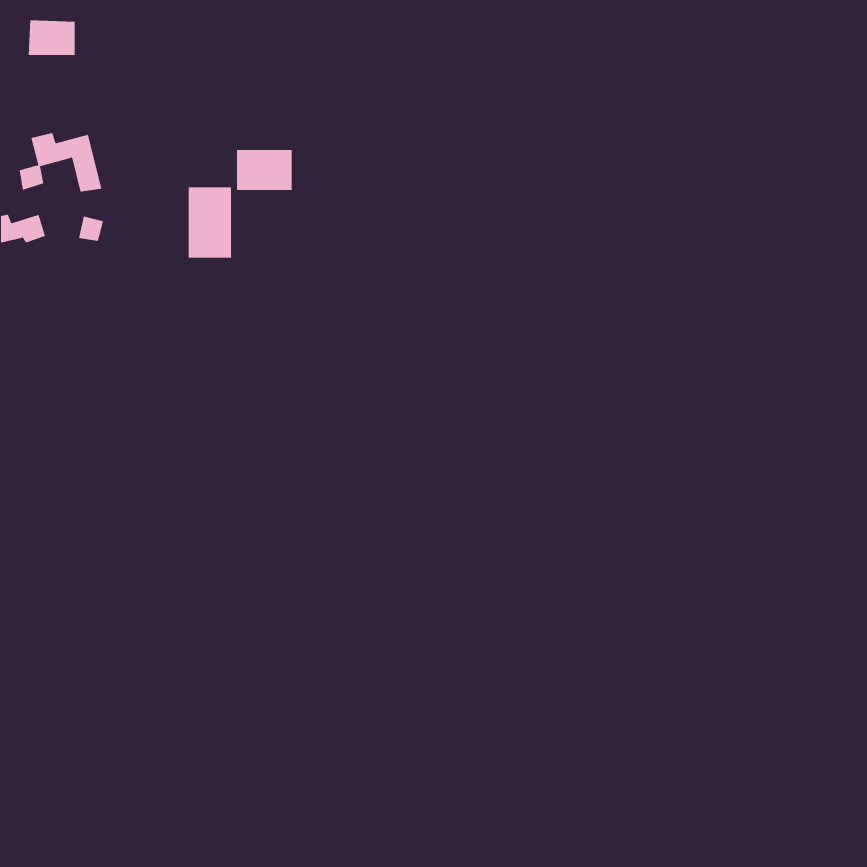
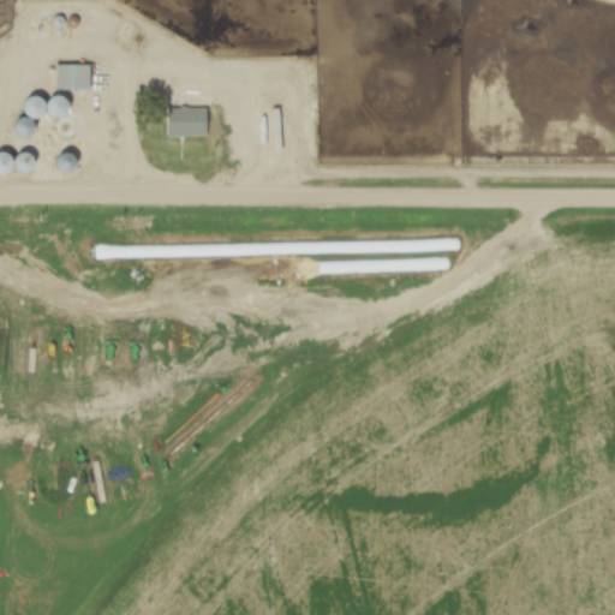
building: [28,20,75,56] -> [56,62,90,88]
building: [188,186,231,259] -> none

